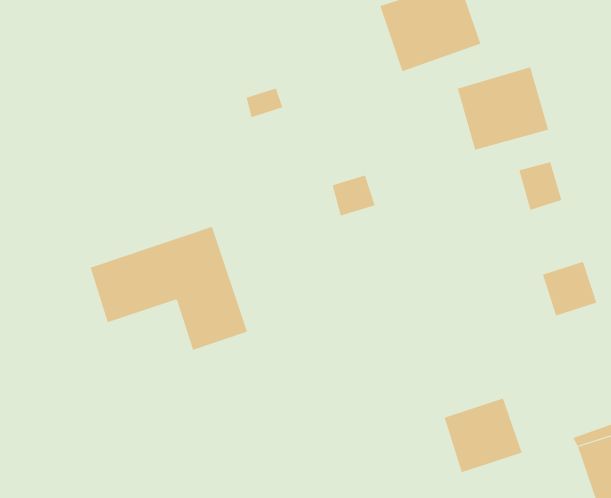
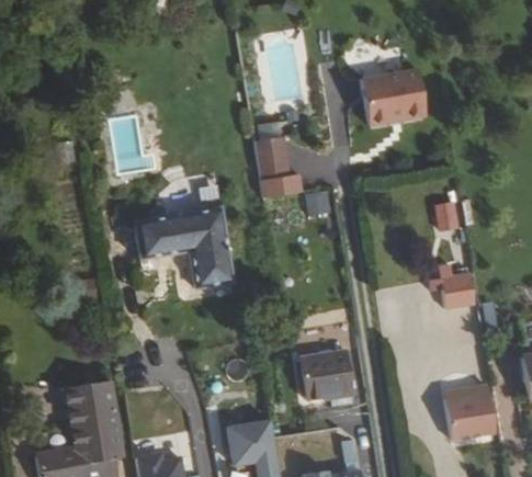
building: [457,66,549,151] -> none
building: none -> [254,137,291,182]
building: [444,398,522,473] -> [302,353,351,399]

